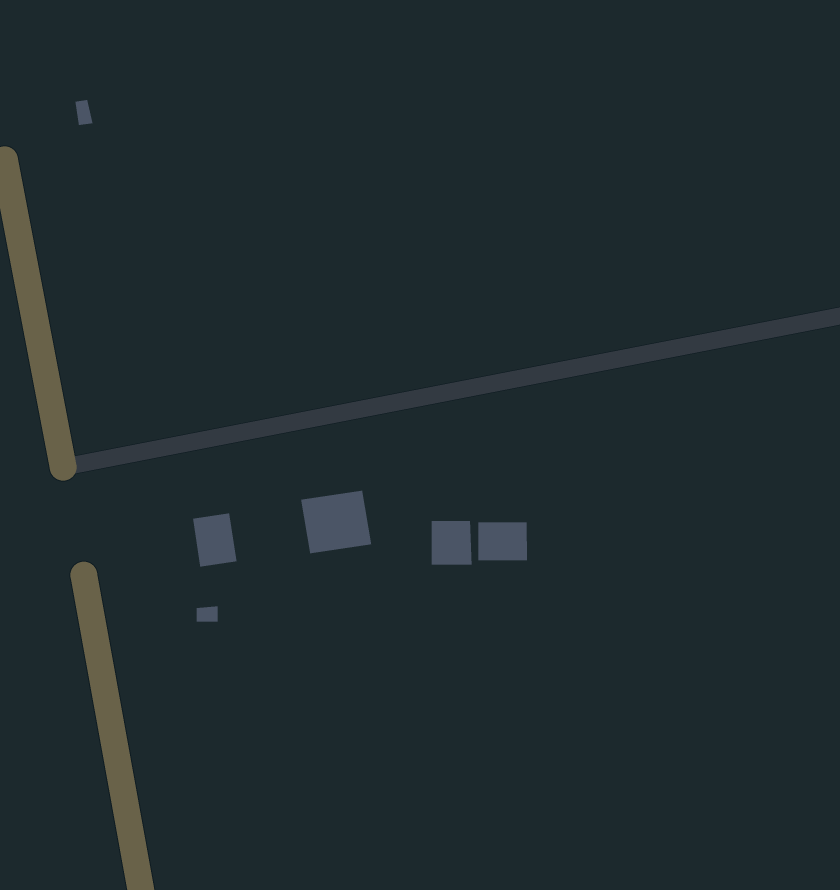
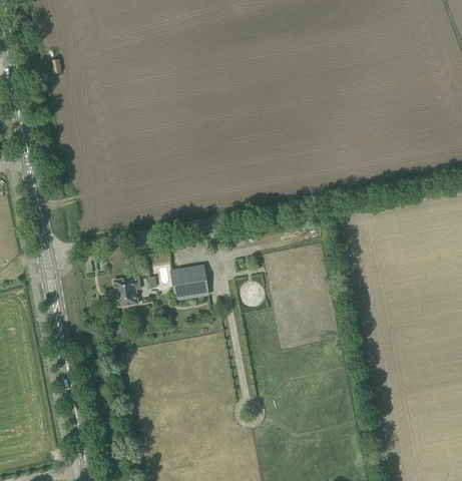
building: [477,522,528,561] -> none

